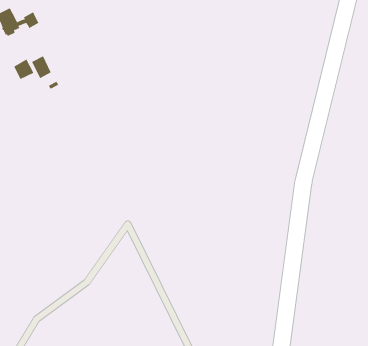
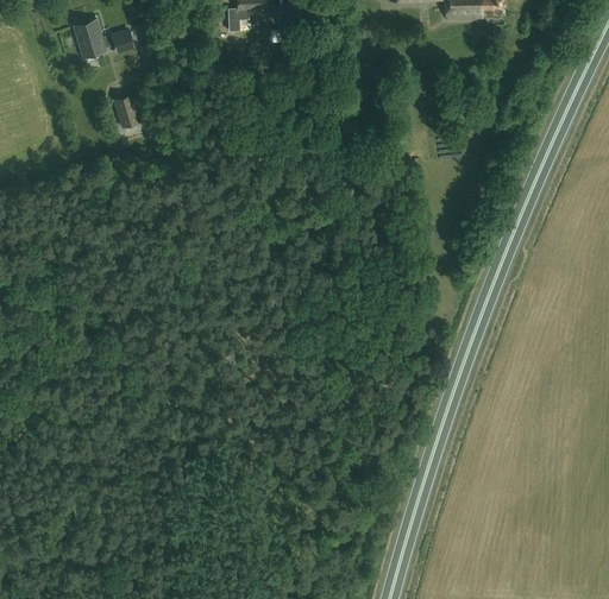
building: [14,59,34,80] -> none

